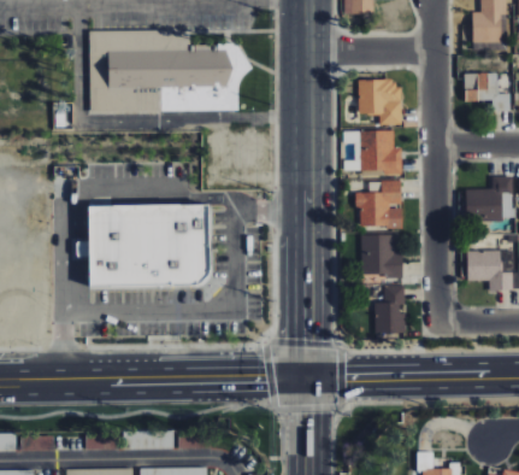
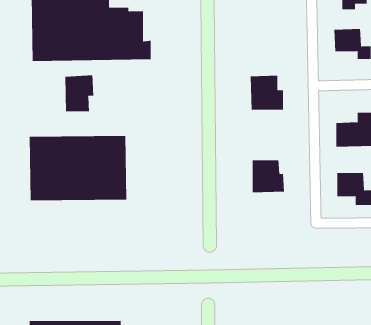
building: [359,80,402,125] -> none
building: none -> [65,75,94,112]
building: [355,181,402,227] -> none
building: [376,286,406,334] -> none

